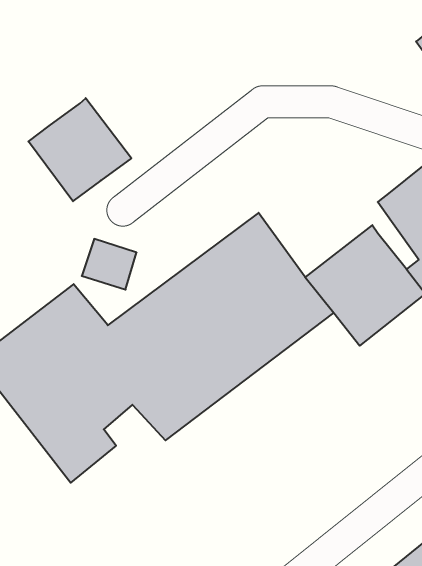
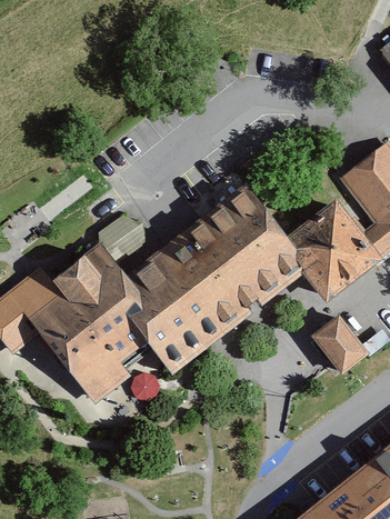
building: [28,98,131,201] -> none
building: none -> [311,315,367,375]

